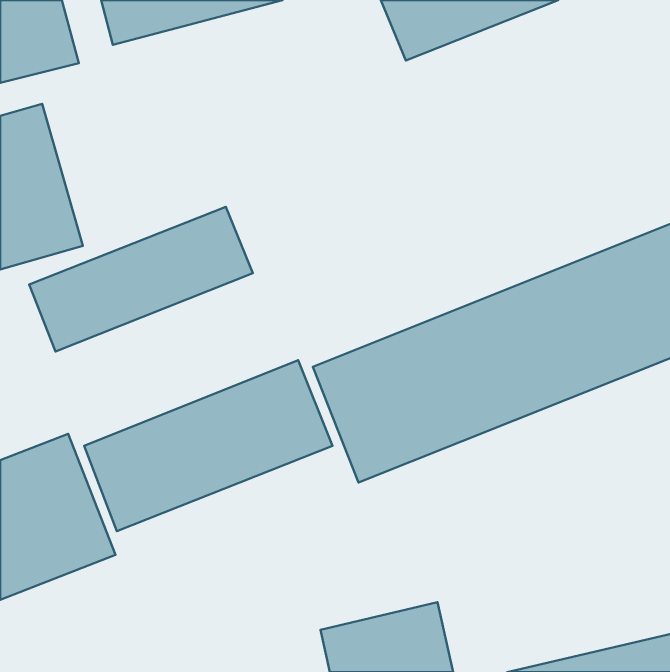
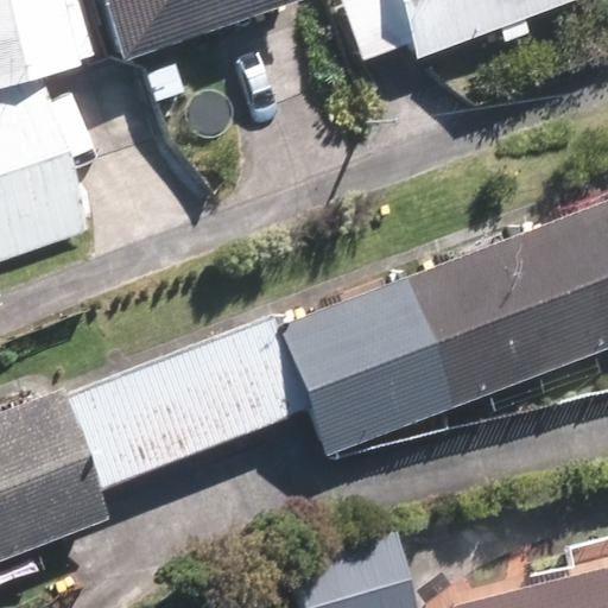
building: [29,207,253,351] -> none

